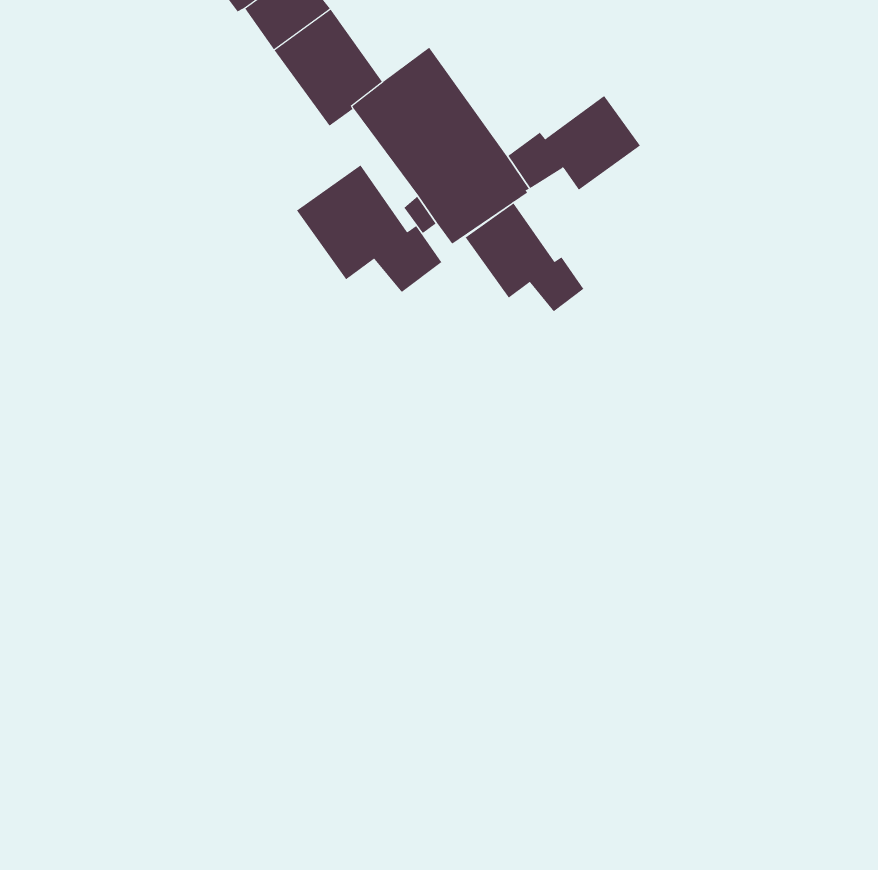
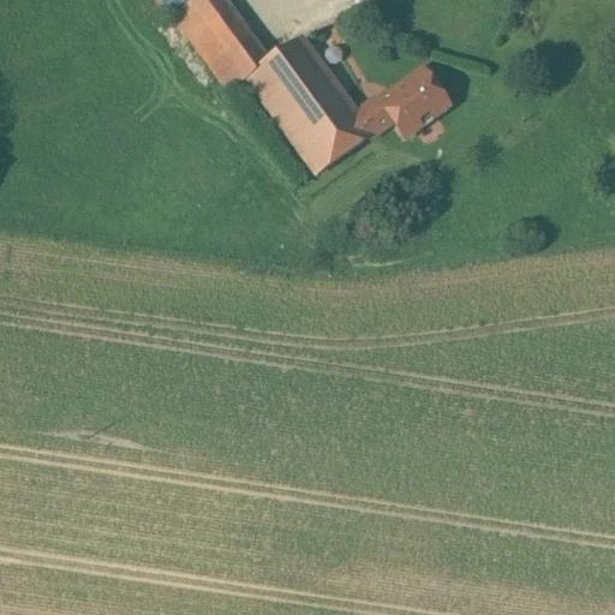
building: [296,165,442,293] -> none
building: [465,202,584,312] -> none

